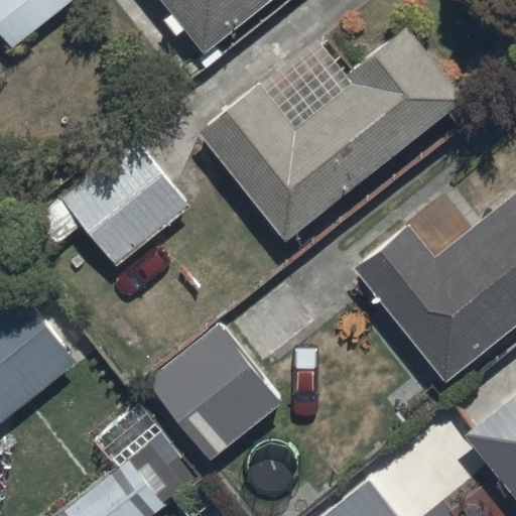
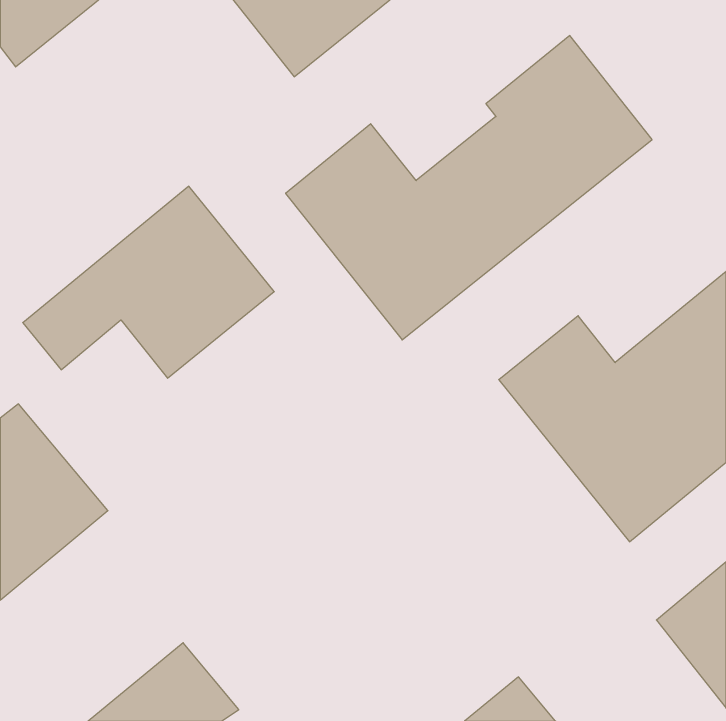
building: [142,318,286,465] -> none

